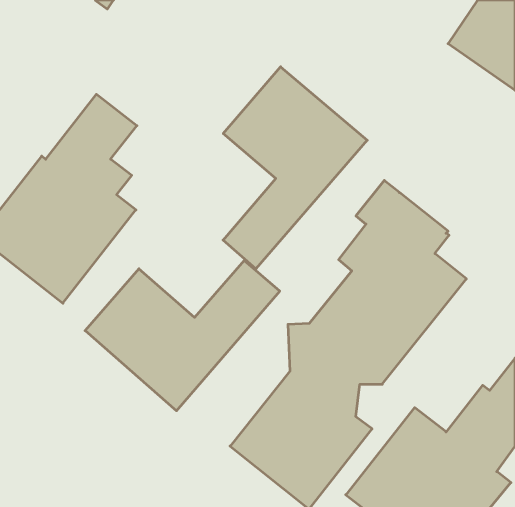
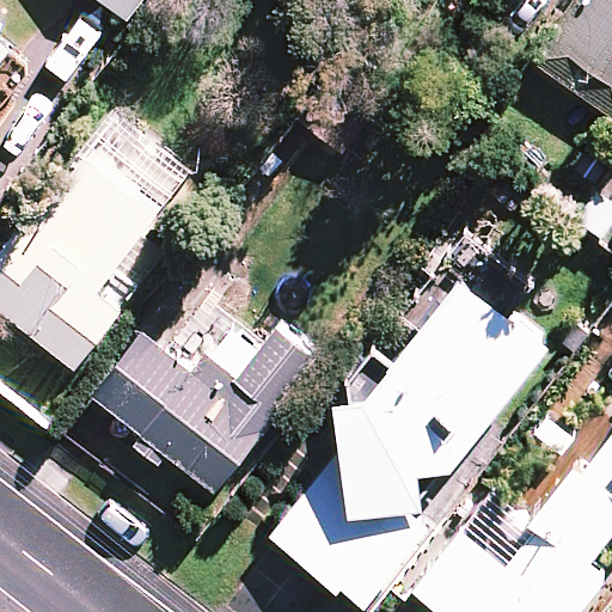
building: [223,67,367,269] -> none

